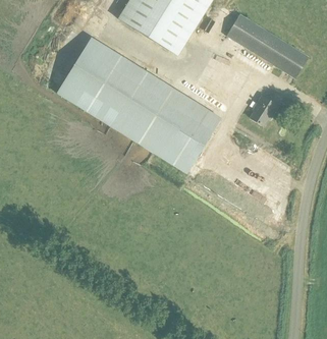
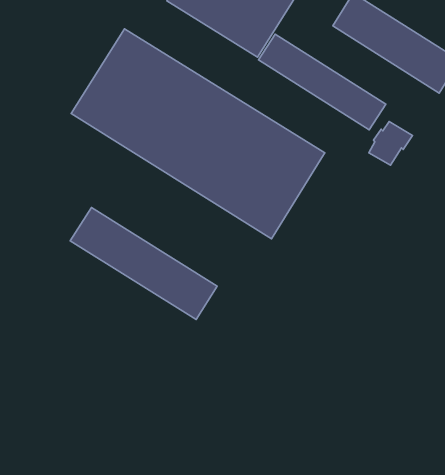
building: none -> [259,34,386,130]
building: none -> [70,208,217,319]

